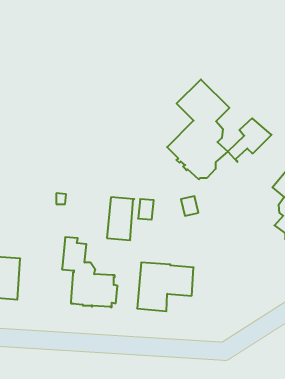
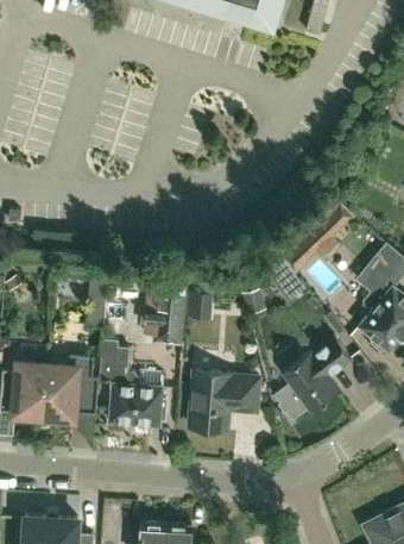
building: [167,79,229,179] -> none
building: none -> [274,336,352,418]
building: none -> [44,354,99,418]

